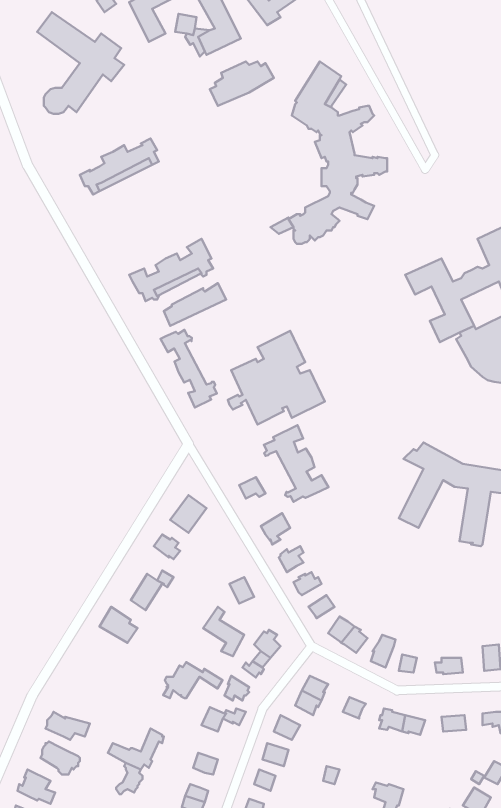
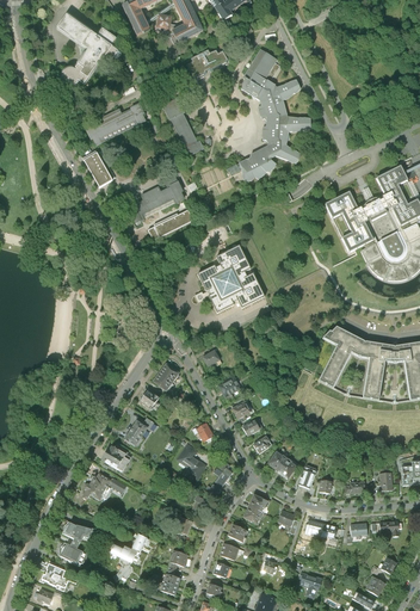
building: none -> [162,98,203,155]
building: none -> [84,150,115,186]
building: [161,330,217,408] -> none
building: [264,425,328,502] -> none
building: [163,662,222,698] -> [82,473,125,499]

